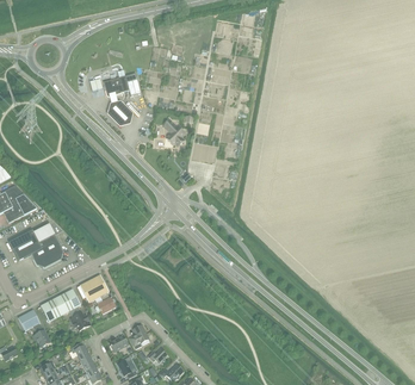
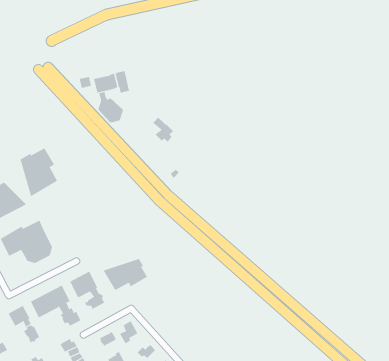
building: none -> [20,147,58,197]
building: none -> [103,258,148,291]

